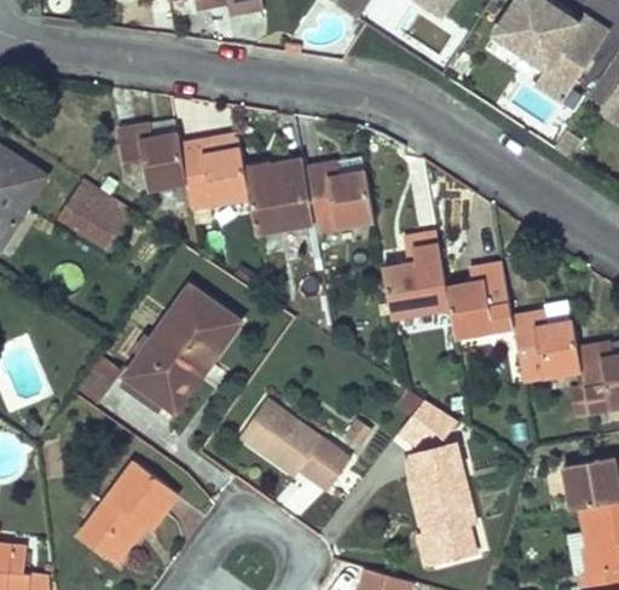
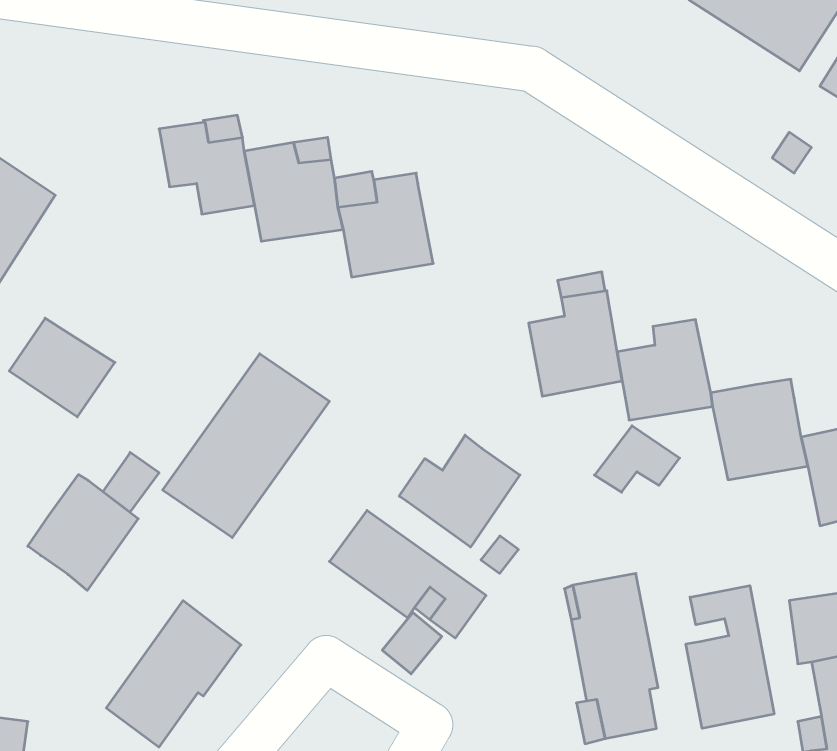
building: [303,162,374,231] -> none
building: [58,178,133,248] -> [9,318,115,417]
building: none -> [399,435,520,547]
building: none -> [28,475,138,590]
building: [397,399,457,446] -> [594,426,680,492]
building: none -> [686,586,774,728]

